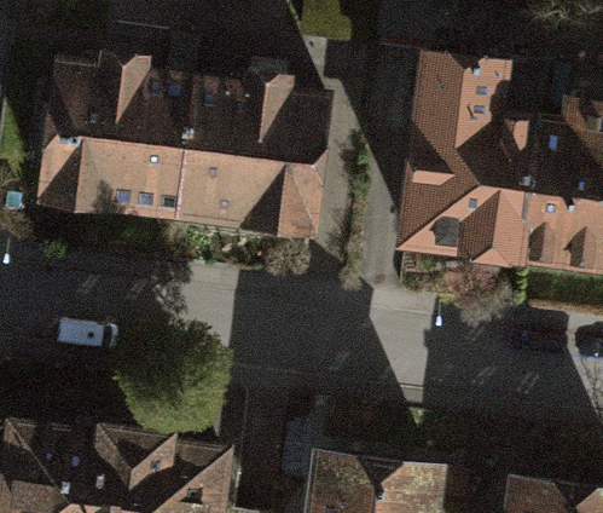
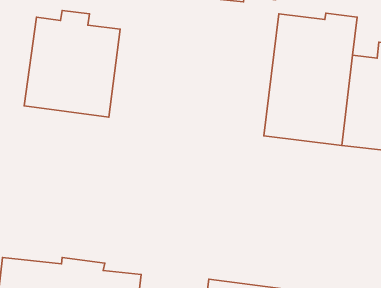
building: [172,76,324,234] -> none

